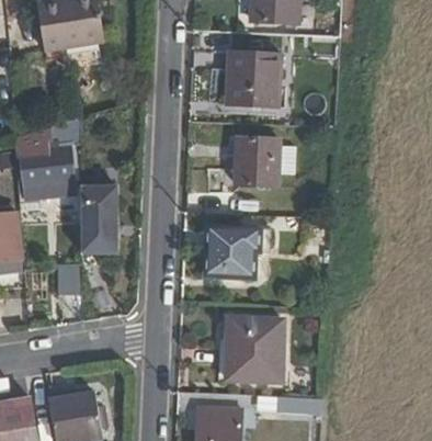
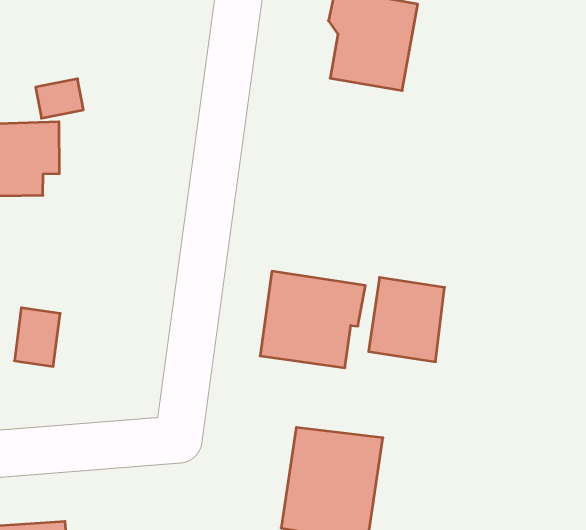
building: [238,137,281,185] -> [369,277,445,362]
building: [80,177,118,249] -> none

